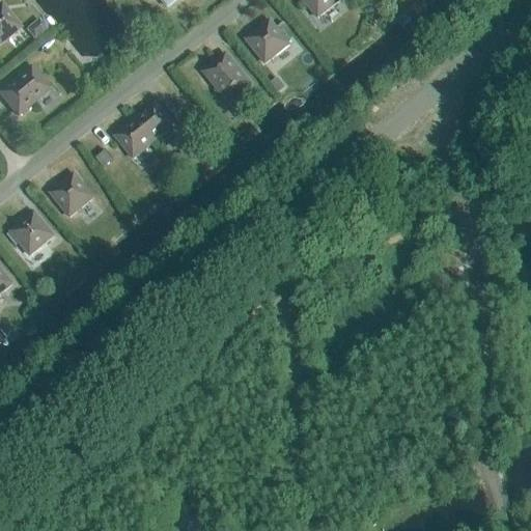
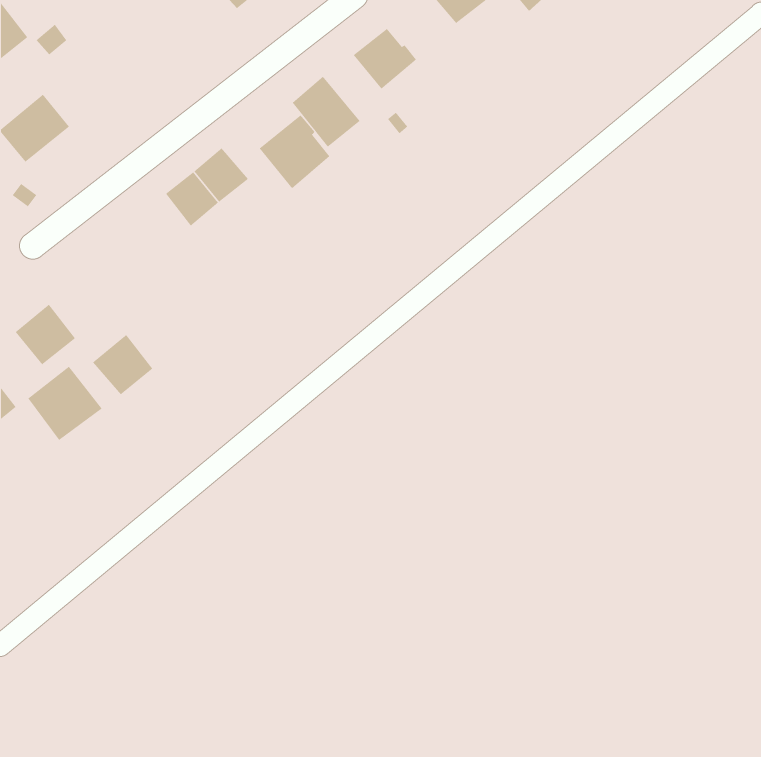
building: none -> [259,114,330,189]
building: [50,173,92,216] -> [92,334,153,395]
building: none -> [28,366,102,441]

